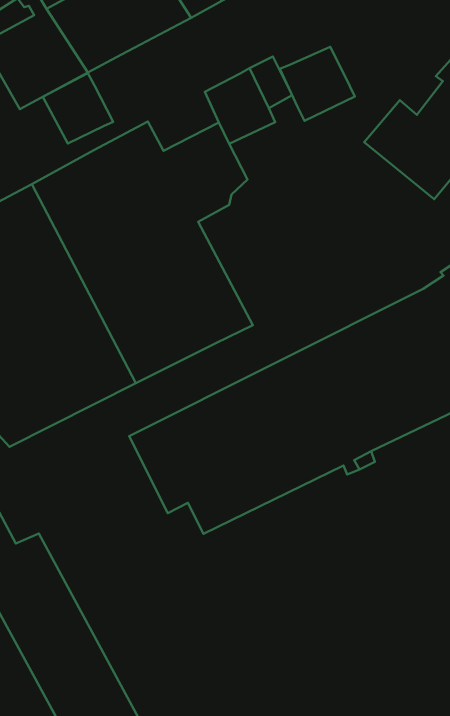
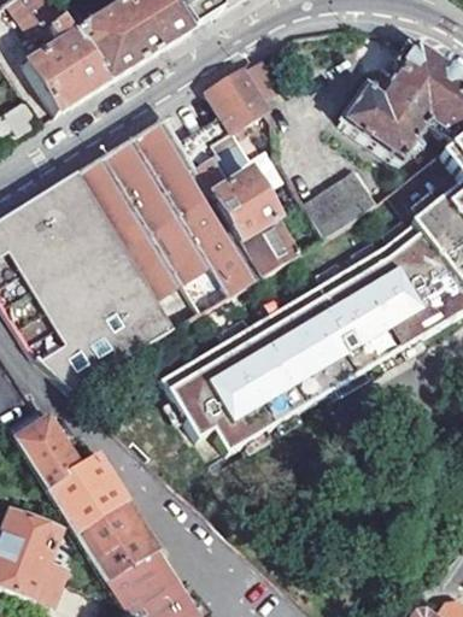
building: [280,47,355,121] -> none
building: [43,73,113,144] -> none
building: none -> [211,171,300,276]
building: none -> [305,170,379,237]

